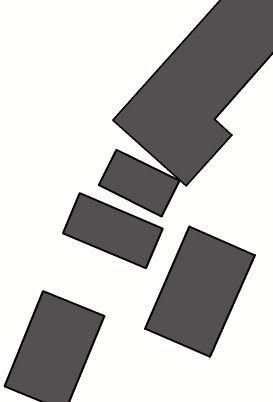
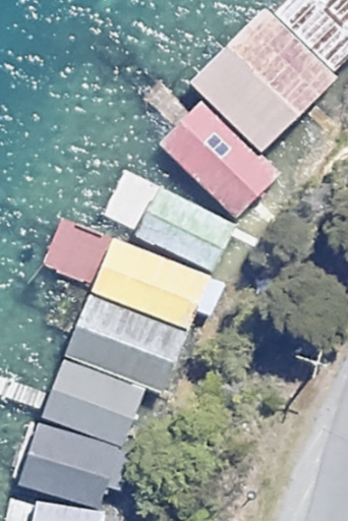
building: [145,226,255,357] -> none
building: none -> [66,294,181,386]

